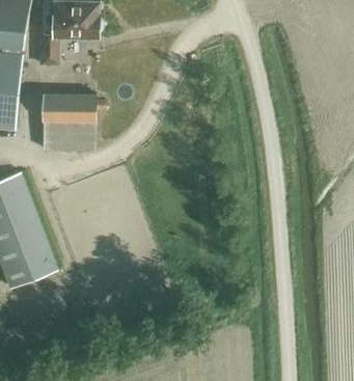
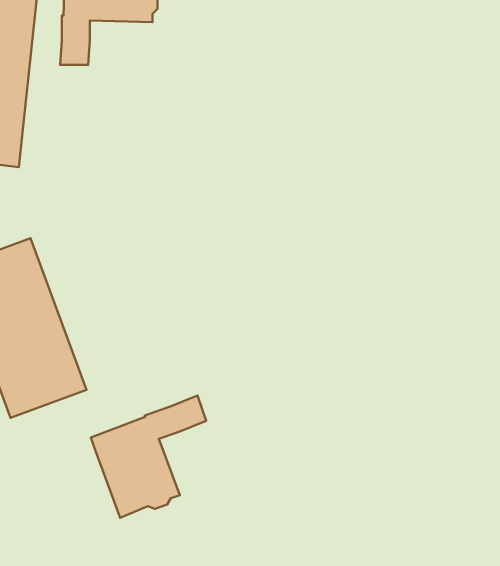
building: [40,93,106,149] -> none
building: none -> [91,395,206,518]

